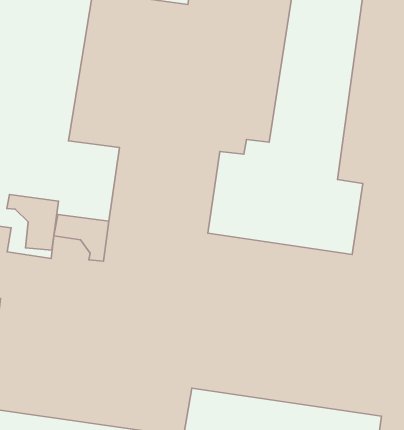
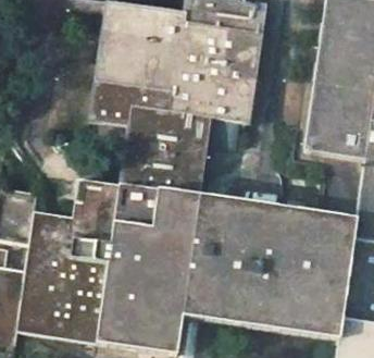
building: [7,194,59,250] -> none

